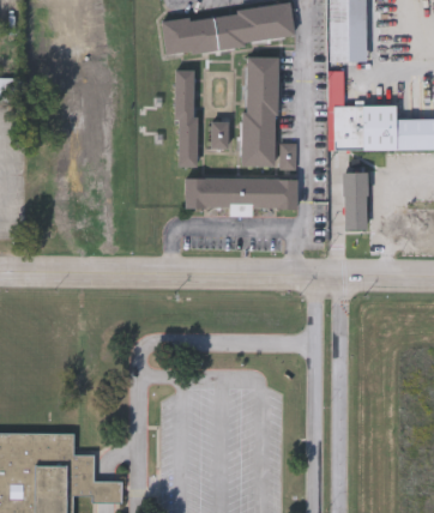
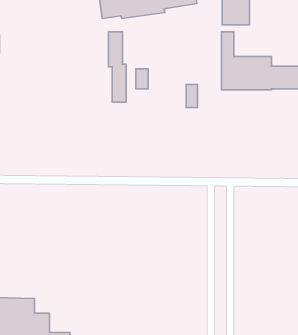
building: [242,59,279,168] -> none
building: [343,173,367,227] -> none
building: [185,179,296,217] -> none

